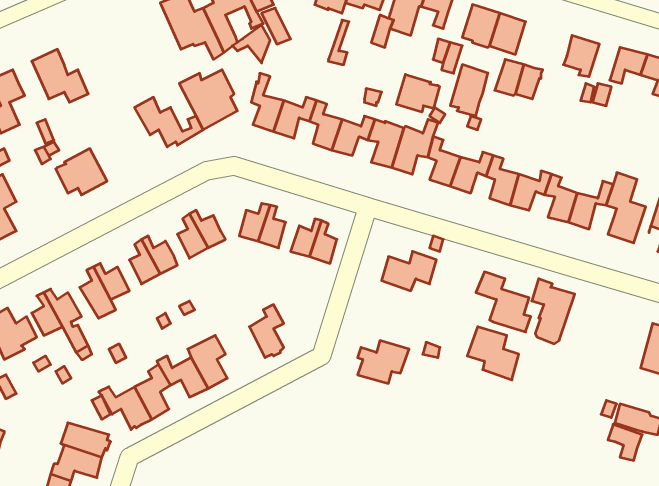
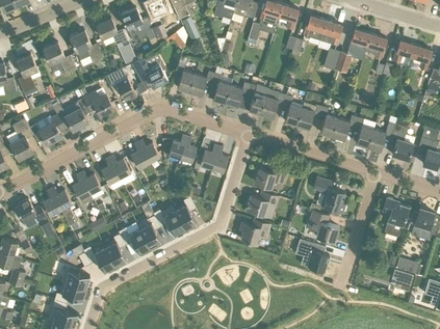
building: none -> [97,18,136,63]
building: none -> [70,30,103,61]
building: [450,65,488,116] -> [347,28,370,59]
building: [396,74,440,112] -> none
building: none -> [83,90,114,115]
building: none -> [35,114,64,144]
building: [532,279,575,344] -> [383,197,409,237]
building: none -> [247,190,279,217]
building: none -> [153,205,184,235]
building: none -> [295,238,330,270]

